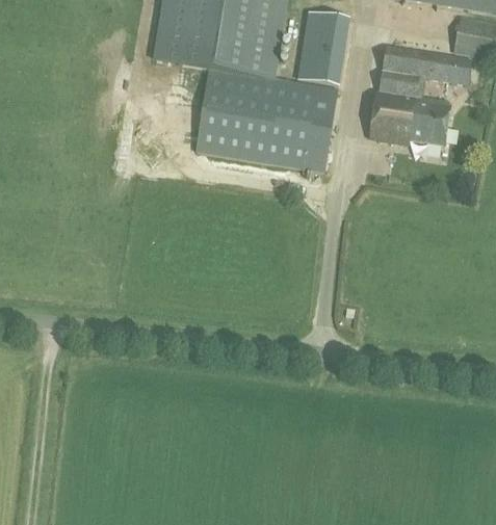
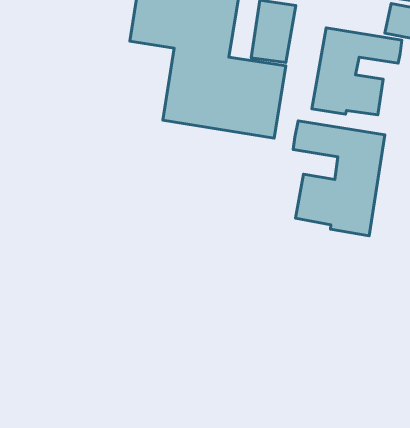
building: none -> [293,121,385,236]

